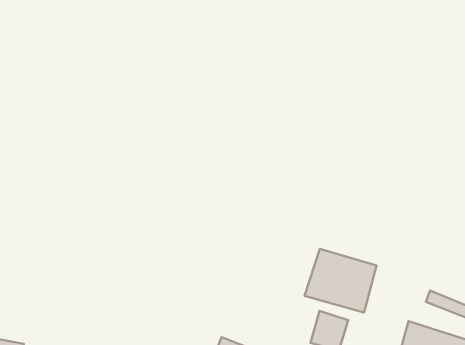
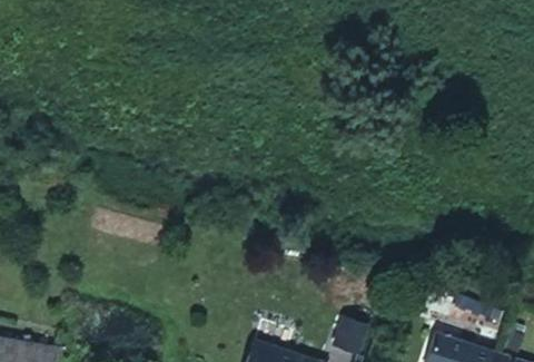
building: [305,249,377,313] -> none

